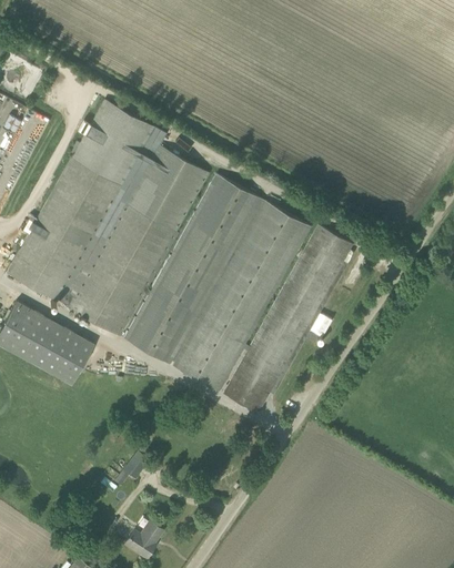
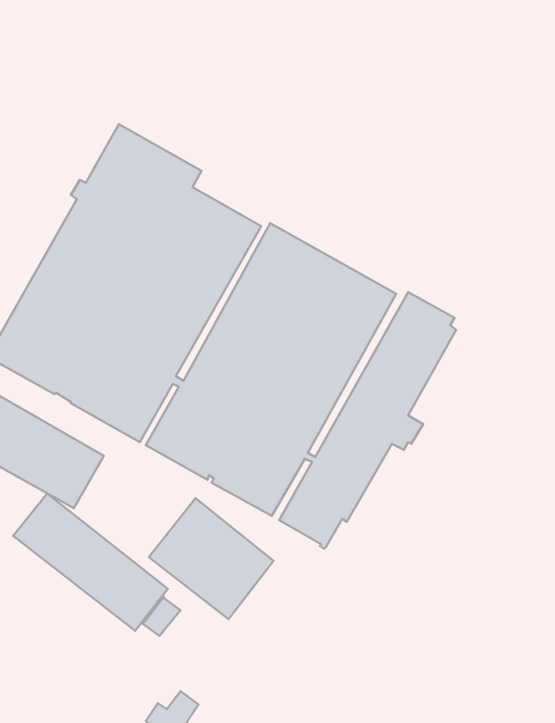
building: none -> [13,493,168,631]
building: none -> [149,498,274,619]

